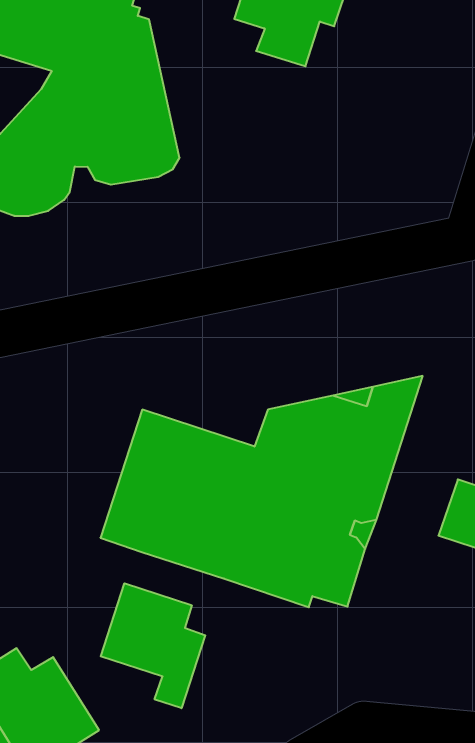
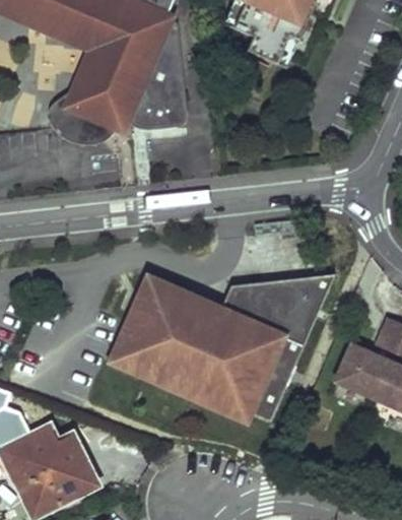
building: [101,583,205,708] -> none

